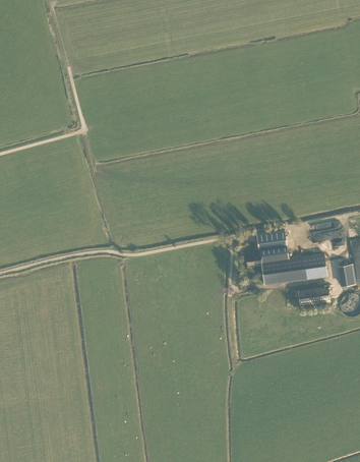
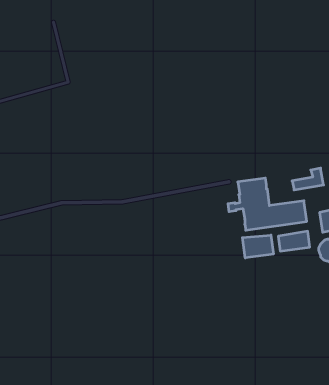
building: none -> [242,235,273,258]

